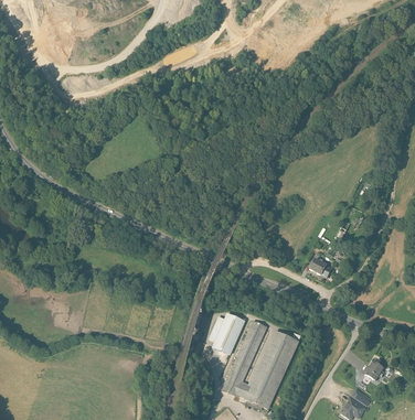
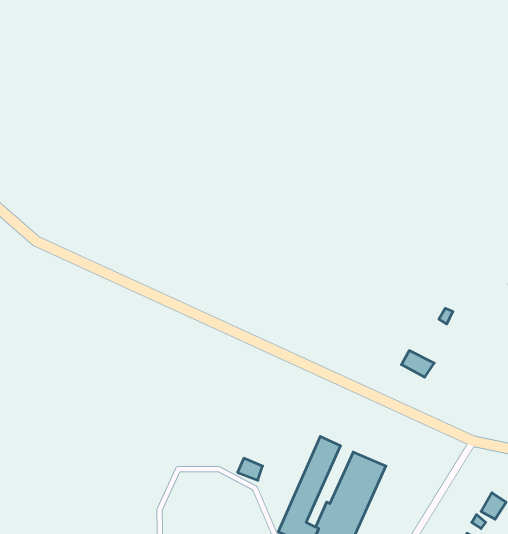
building: [209,312,244,352] -> none

